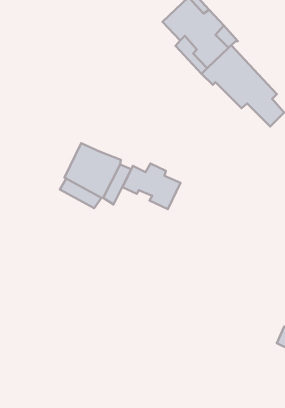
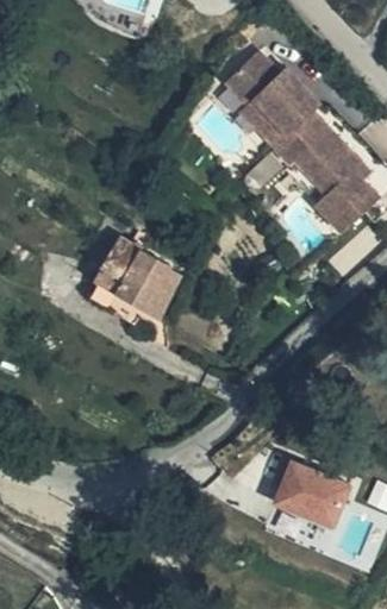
building: none -> [314,187,362,234]
building: [122,164,180,209] -> none
building: none -> [280,456,350,516]

